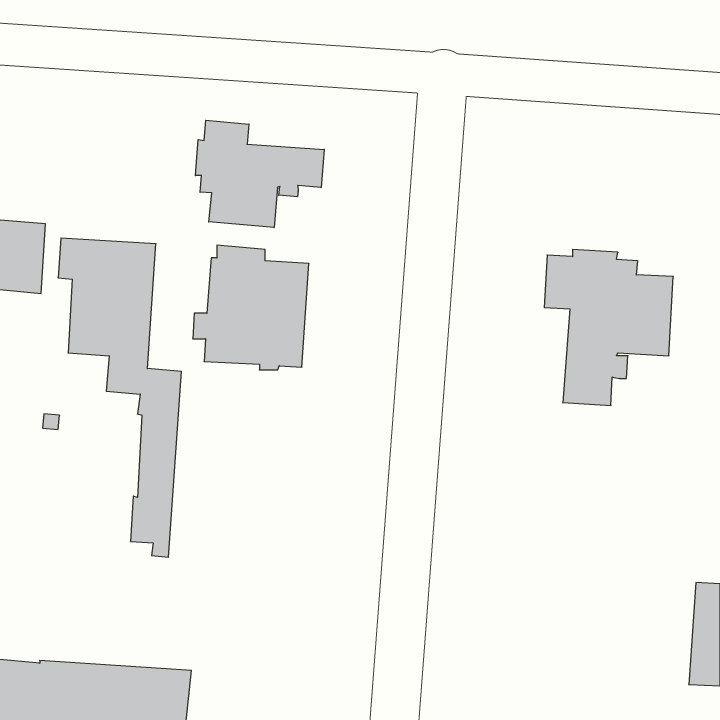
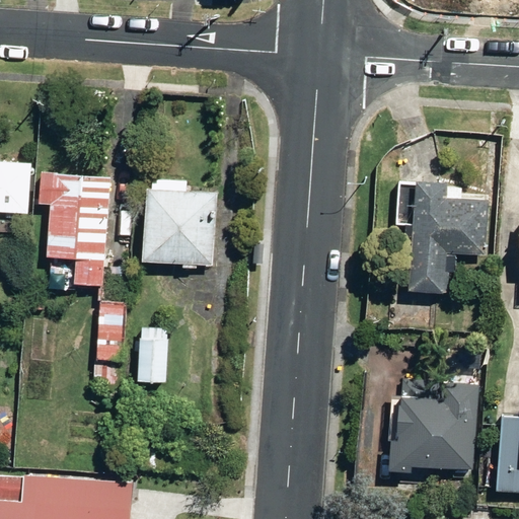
building: [195,120,324,228] -> none
building: none -> [139,326,169,395]
building: none -> [381,385,472,474]

